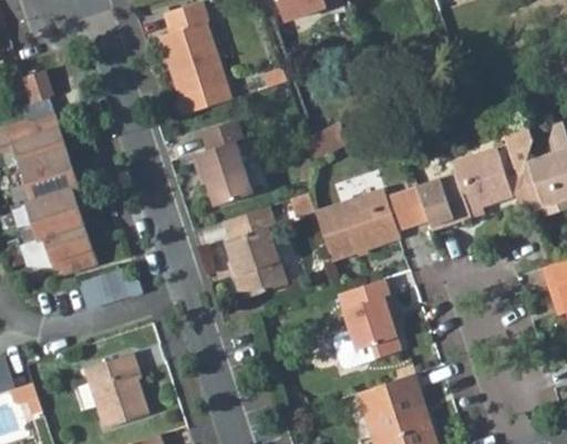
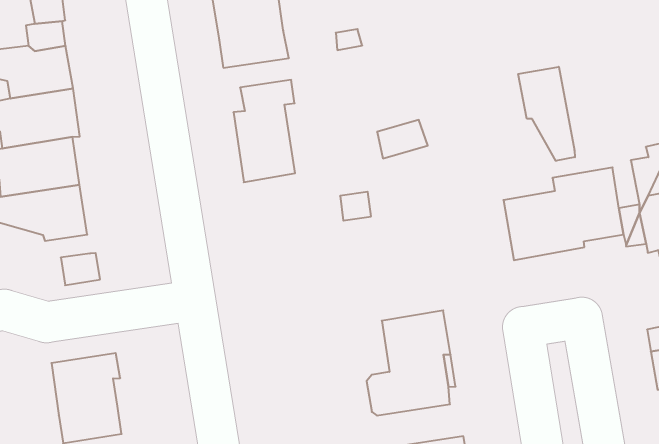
building: none -> [518,67,575,161]
building: [318,196,422,273] -> none
building: [223,207,288,298] -> none

